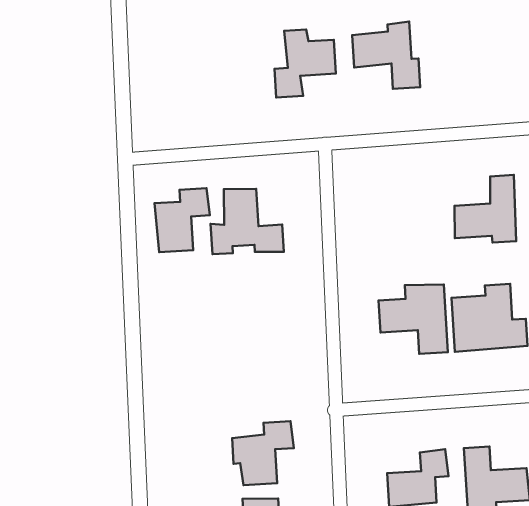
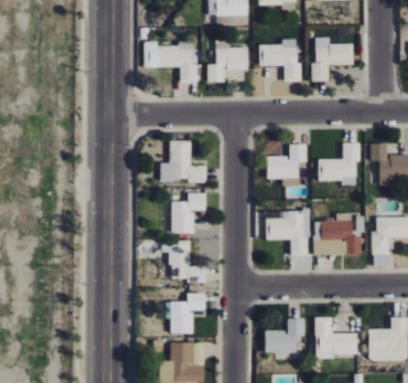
building: none -> [311,38,353,82]
building: none -> [154,44,197,83]
building: none -> [267,143,307,185]
building: [155,188,210,252] -> [171,193,206,233]
building: none -> [162,242,205,283]

